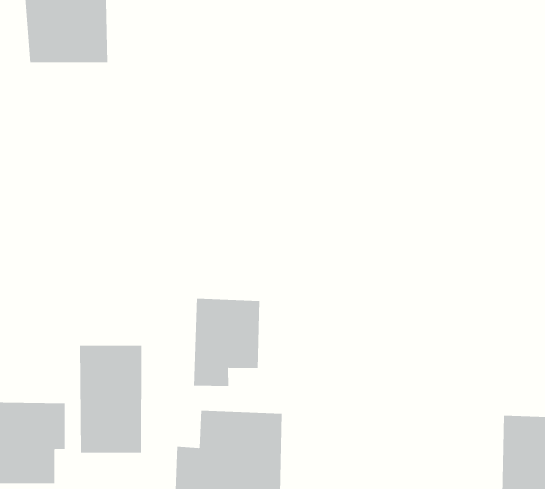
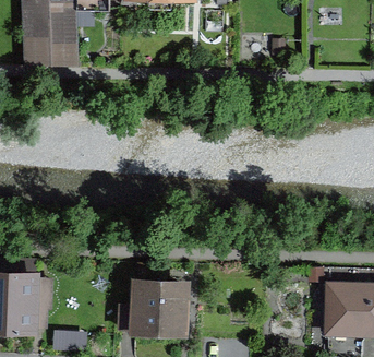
building: [194,298,260,387] -> none
building: [79,345,142,454] -> none

